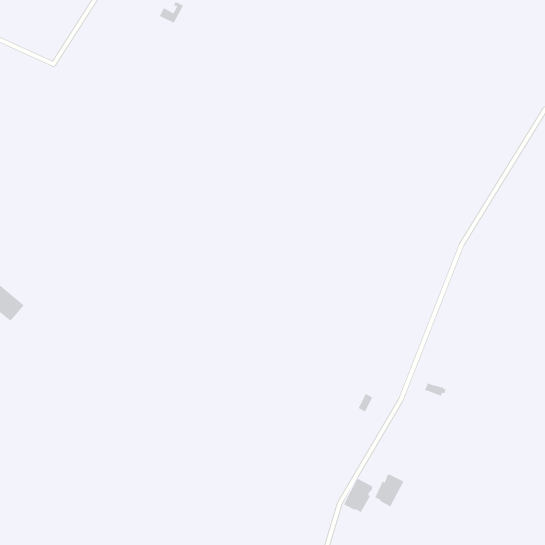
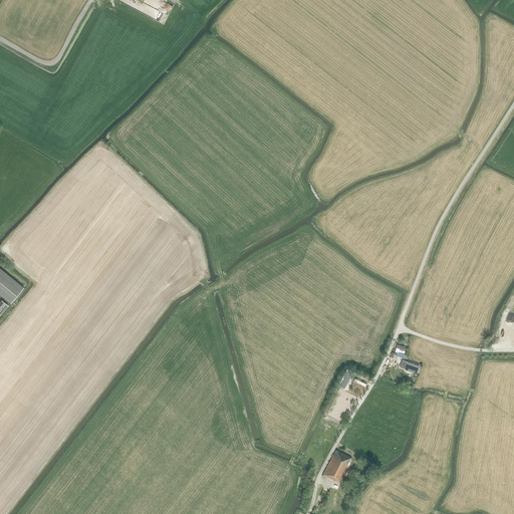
building: [374,474,404,507] -> none

